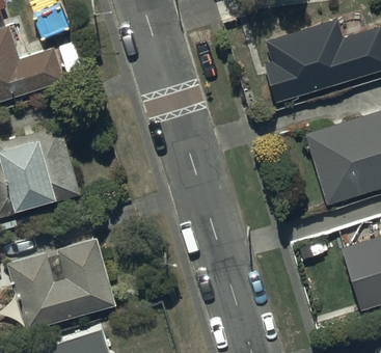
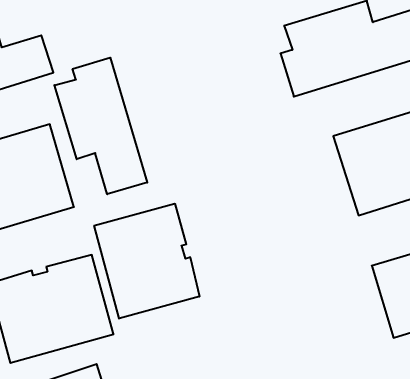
building: none -> [54,58,147,194]
building: none -> [94,204,199,319]

